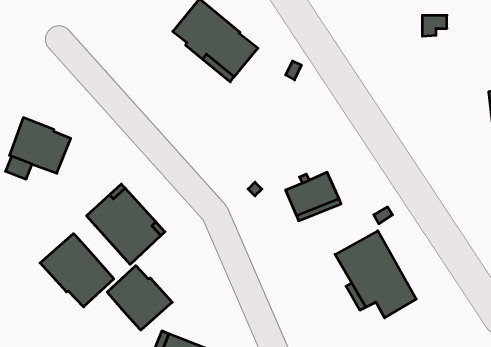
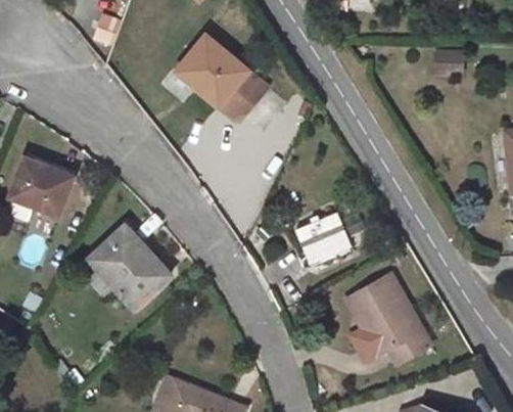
building: [40,234,114,307] -> none
building: [107,266,172,330] -> none

